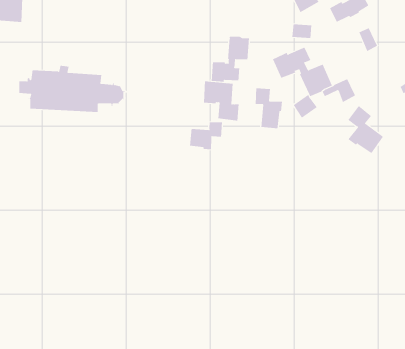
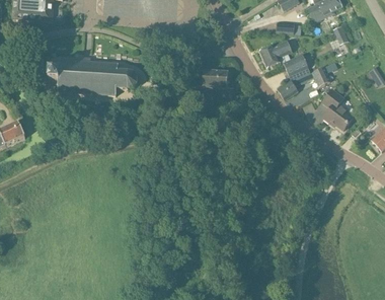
building: [211,36,250,83] -> none
building: [255,87,282,129] -> none
building: [190,121,223,150] -> none

